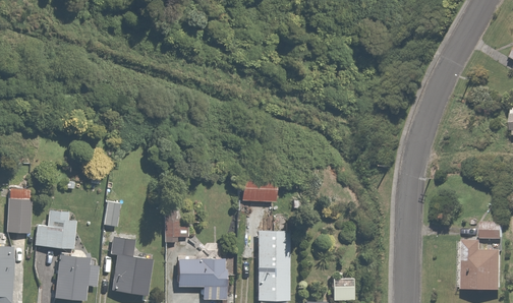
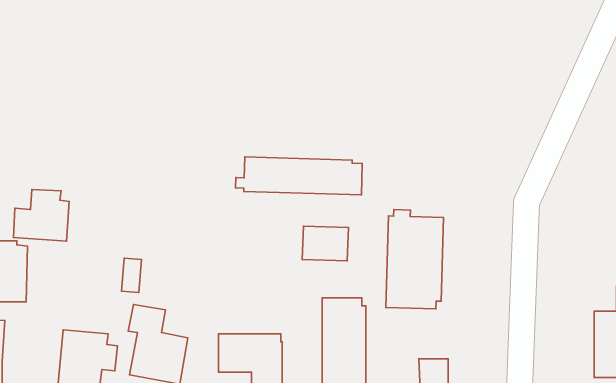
building: none -> [235,157,362,195]
building: none -> [386,210,444,309]
building: [163,206,177,242] -> none
building: [33,209,75,249] -> [13,190,69,241]

